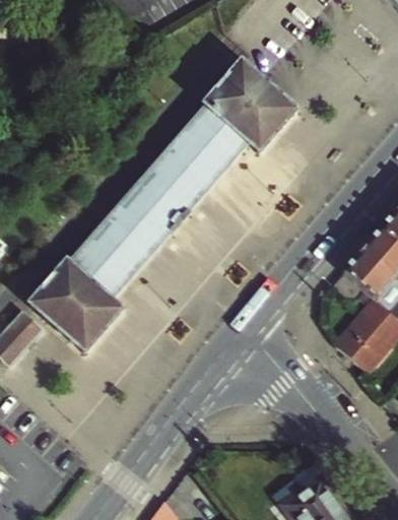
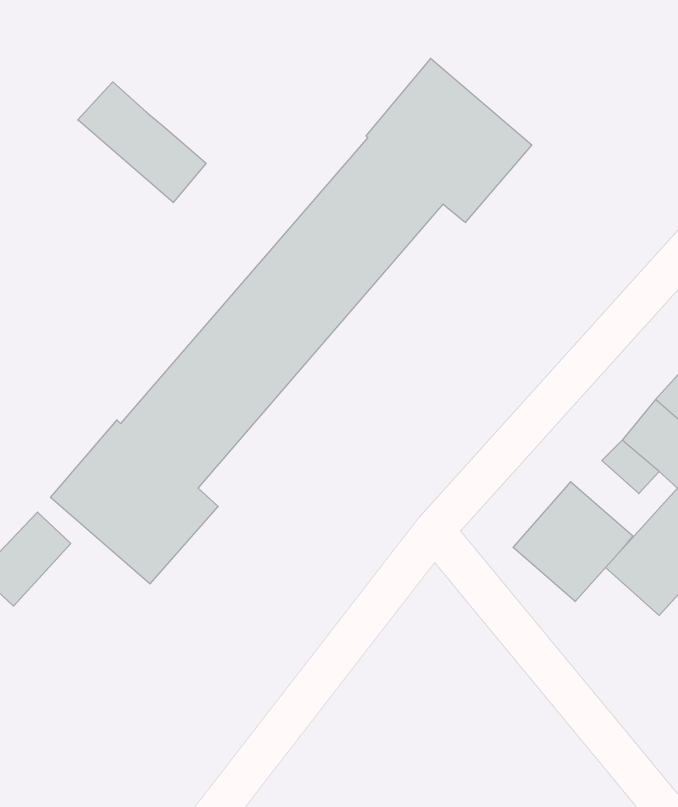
building: none -> [78,82,206,203]
building: none -> [513,482,633,602]

